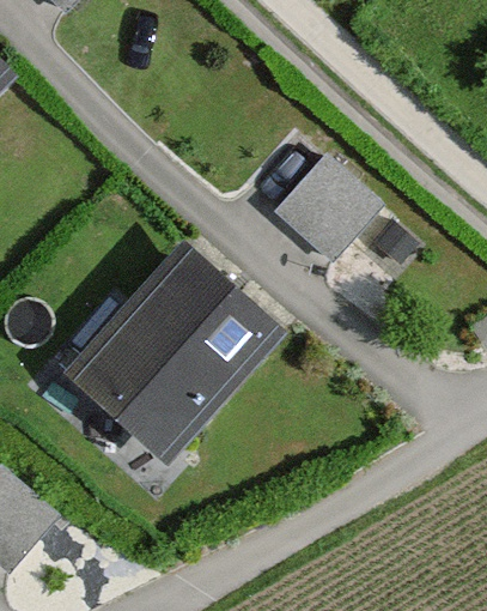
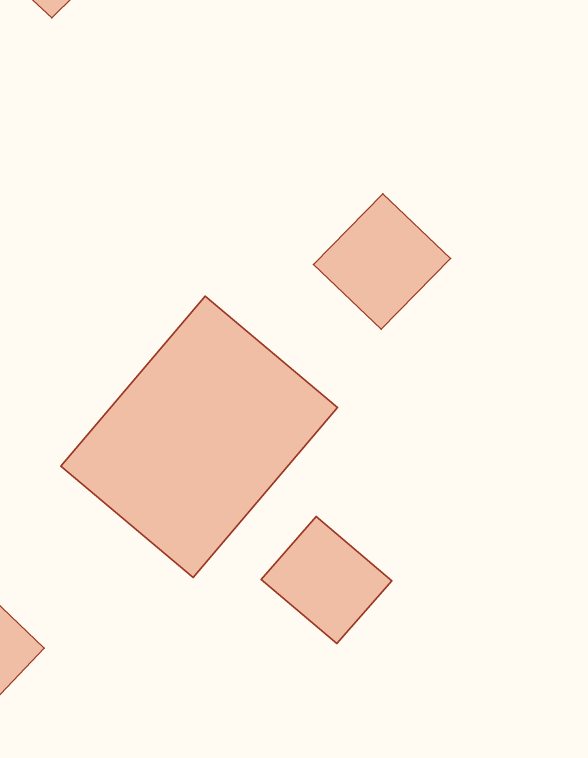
building: none -> [261,516,392,644]

